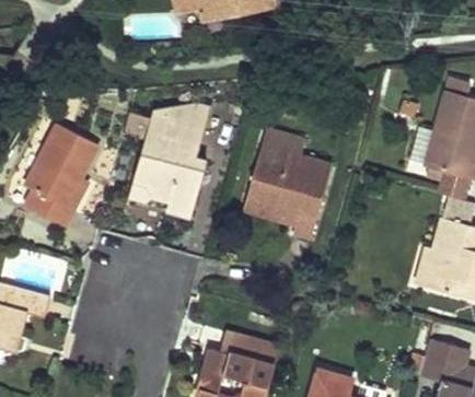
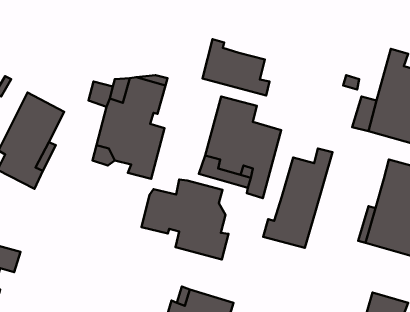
building: none -> [203,39,269,95]
building: none -> [263,149,332,248]
building: none -> [142,180,229,259]

